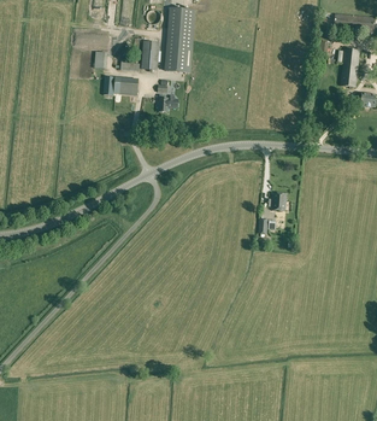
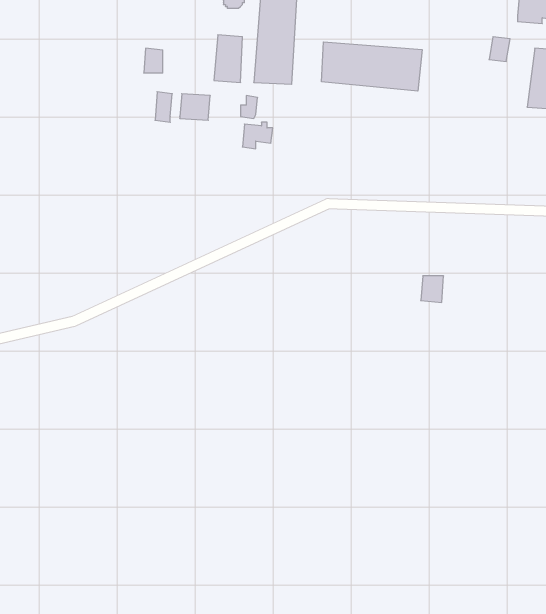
building: none -> [322,42,422,91]

